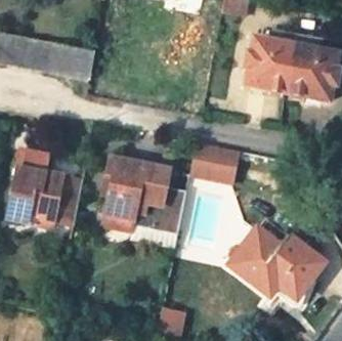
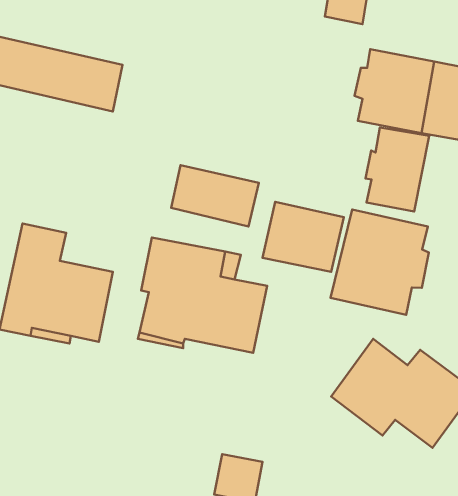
building: none -> [366,128,429,212]
building: none -> [171,165,259,227]
building: none -> [330,209,429,315]

